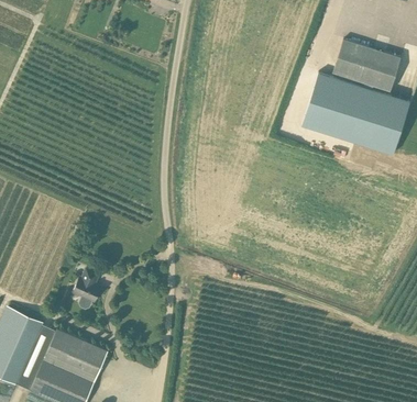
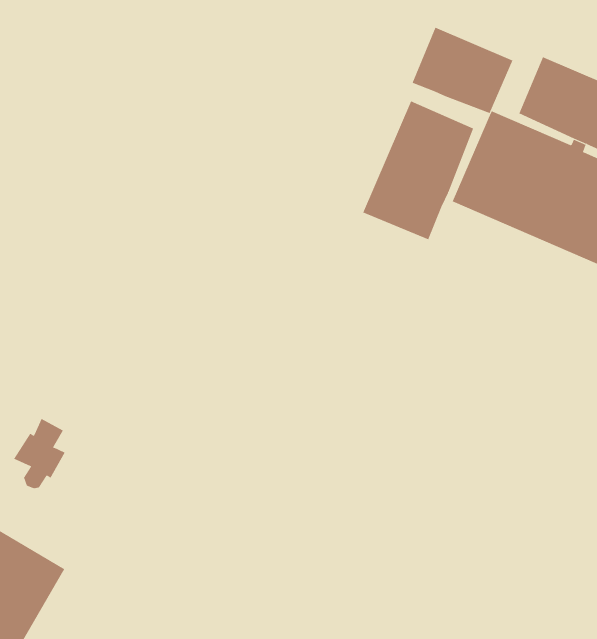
building: none -> [412,27,513,114]
building: none -> [362,100,474,240]

